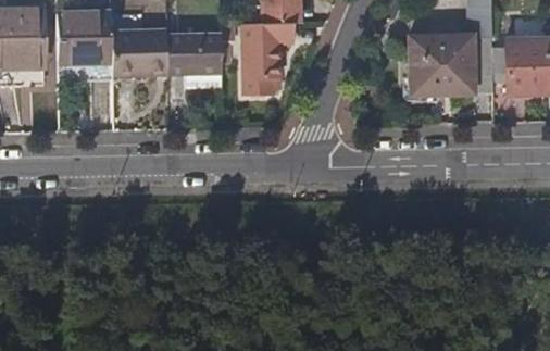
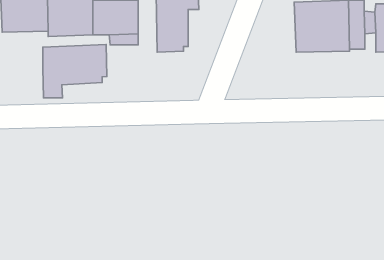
building: none -> [43,45,107,98]

